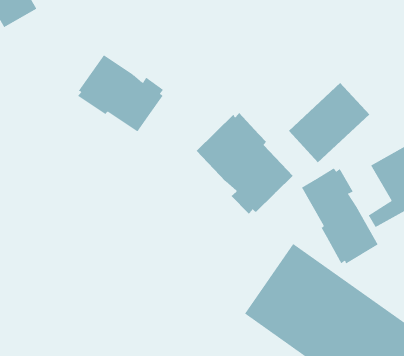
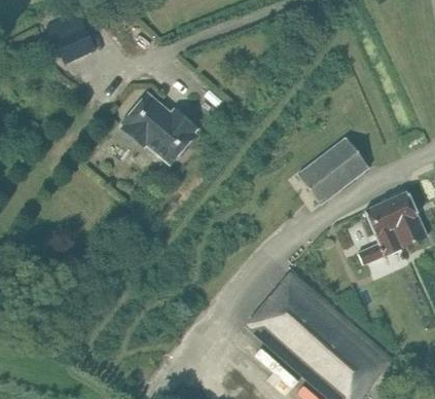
building: [196,112,293,215] -> none
building: [301,167,379,265] -> none

